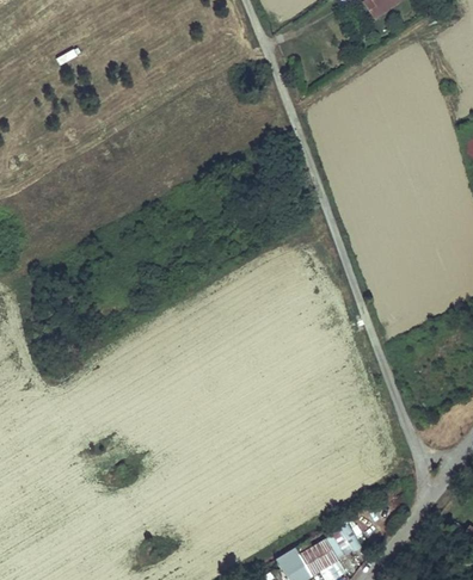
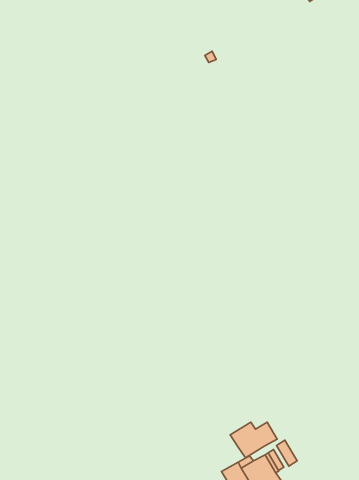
building: none -> [230,422,277,458]

